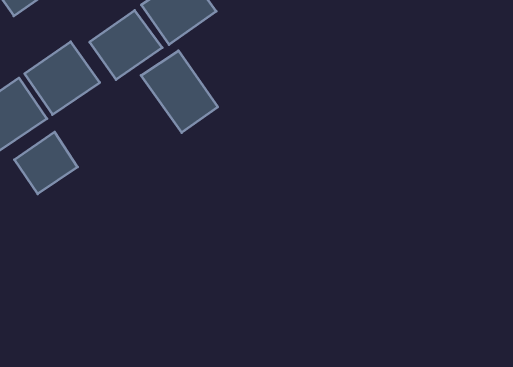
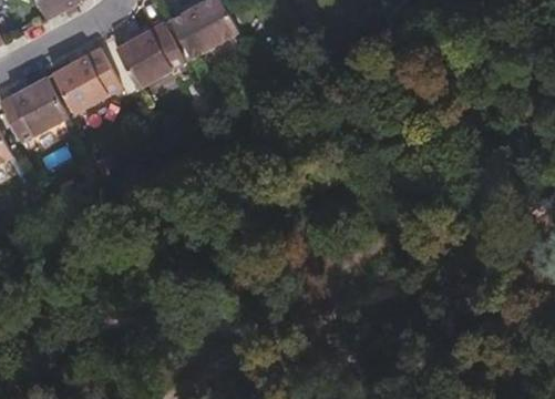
building: [141,51,218,133] -> none
building: [14,132,78,194] -> none

